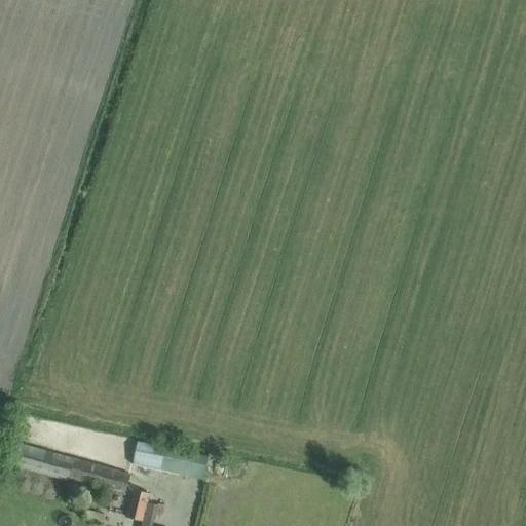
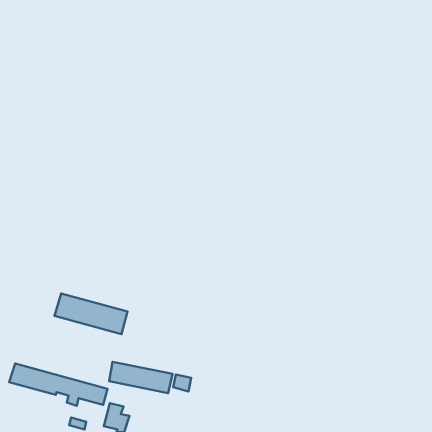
building: none -> [55,293,127,334]

